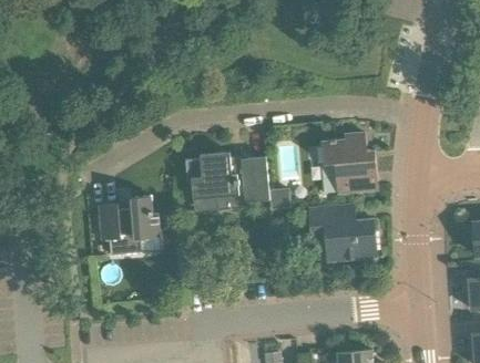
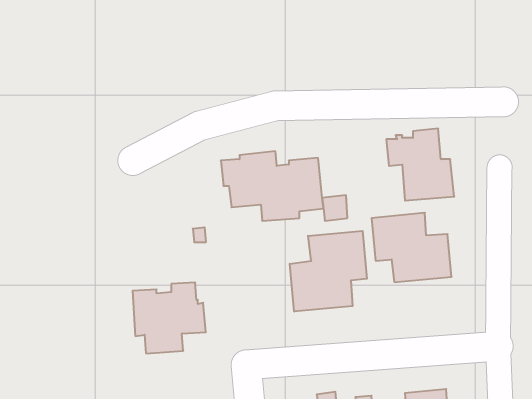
building: [99,197,160,256] -> [133,283,206,353]
building: none -> [290,231,367,312]

